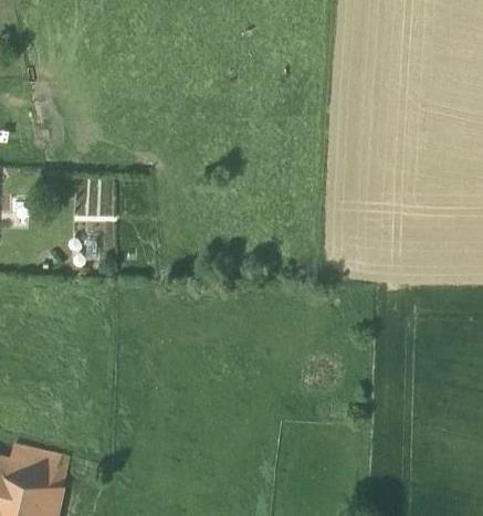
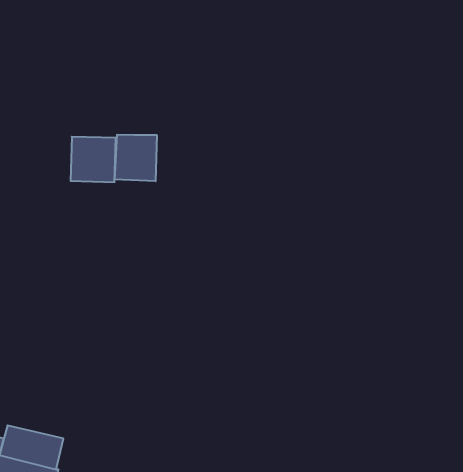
building: none -> [115,135,157,181]

